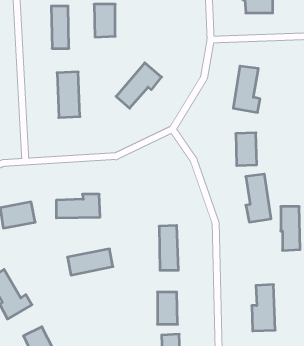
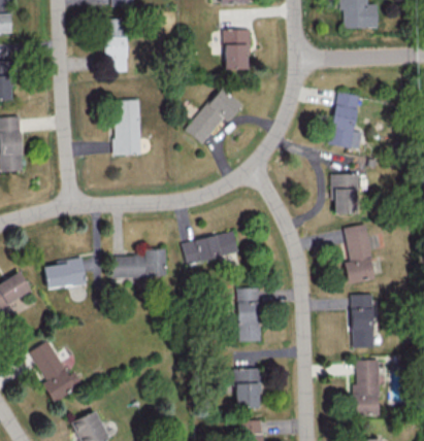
building: [94,4,115,37] -> [224,30,250,70]
building: [281,207,300,250] -> [351,295,374,348]
building: [67,249,113,275] -> [183,232,238,264]

